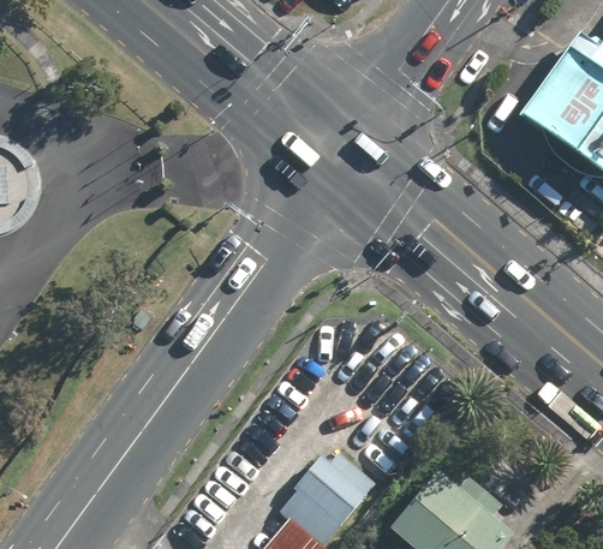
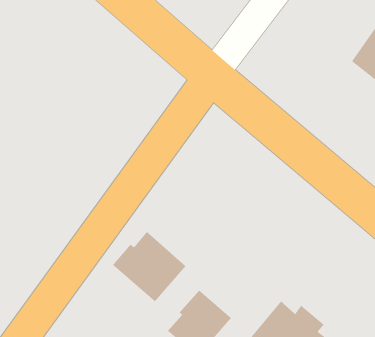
building: none -> [112,231,186,302]

